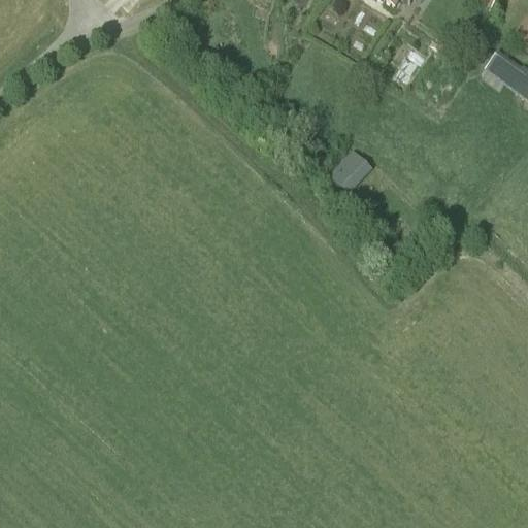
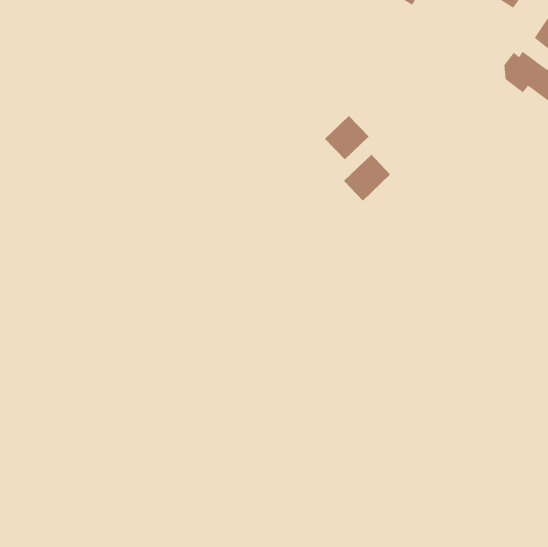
building: none -> [324,115,370,160]

